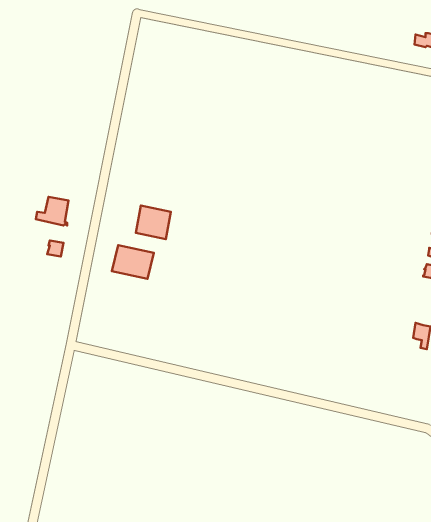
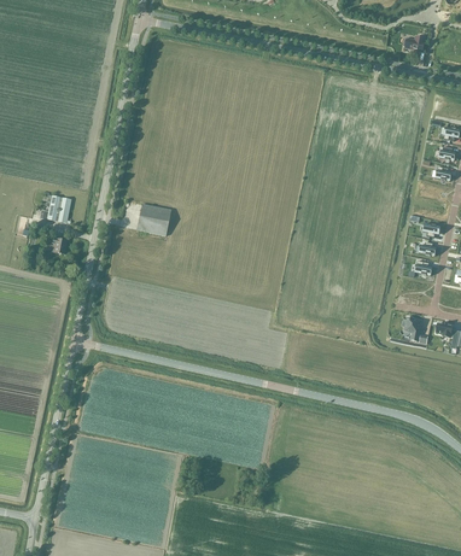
building: [112,245,154,279] -> none

